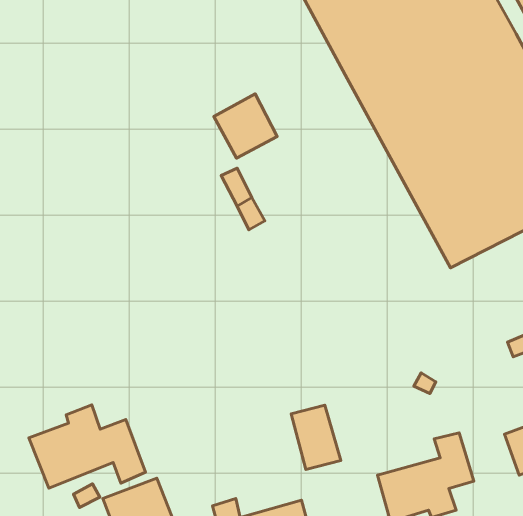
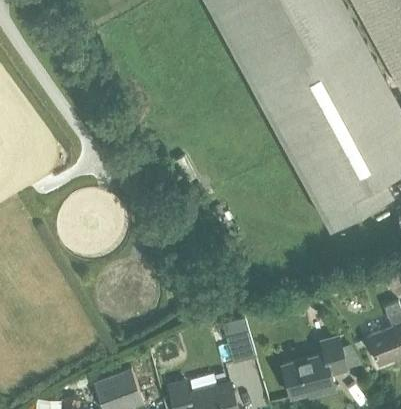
building: [214,94,277,158] -> none
building: [29,405,146,488] -> none

